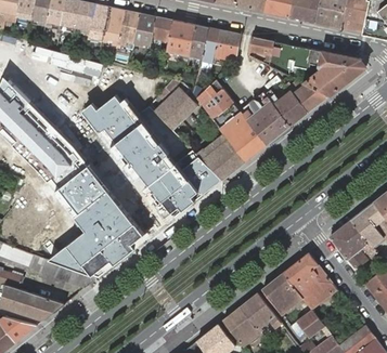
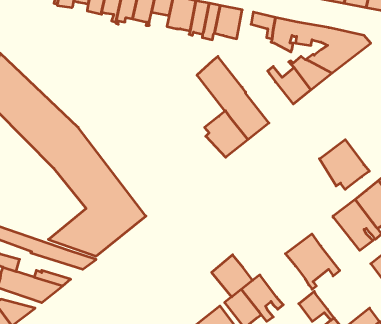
building: [156,89,197,129] -> none
building: [241,92,291,145] -> none
building: [82,95,218,215] -> none
building: none -> [319,140,369,189]
building: [262,273,302,314] -> [212,255,253,297]

